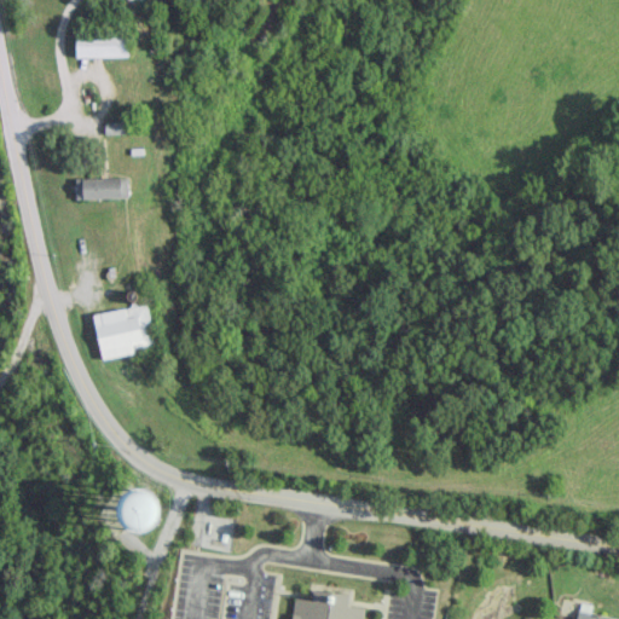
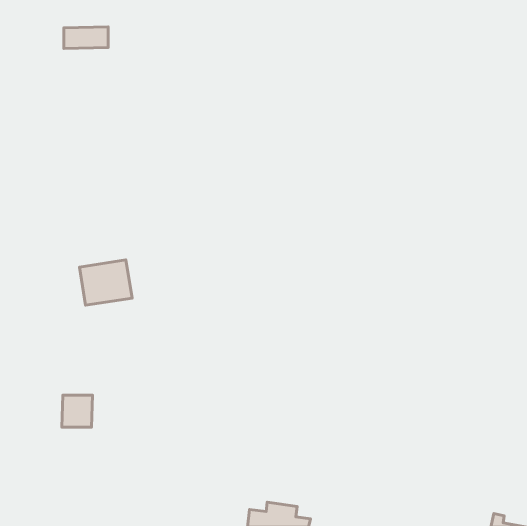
building: [75,179,127,199] -> none
building: [120,493,156,531] -> [62,395,93,427]

